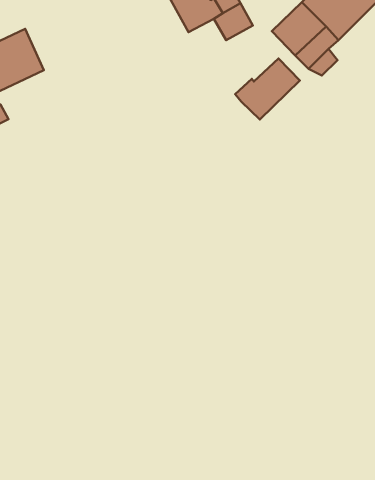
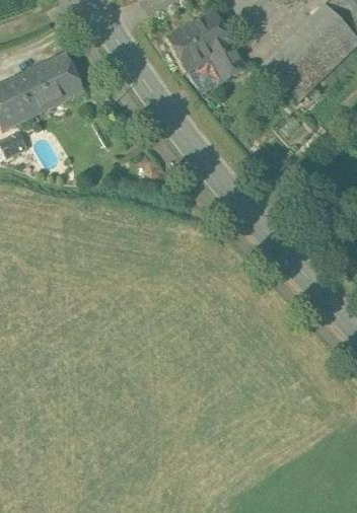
building: none -> [37,52,84,103]
building: none -> [186,57,220,85]
building: [235,58,300,120] -> none

